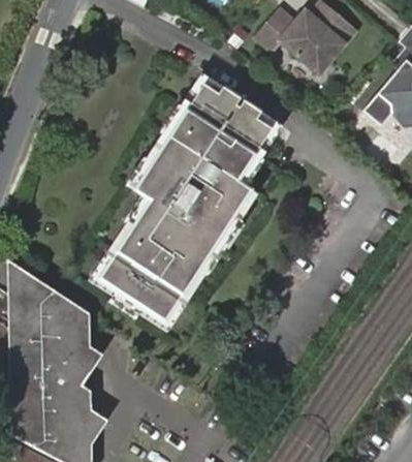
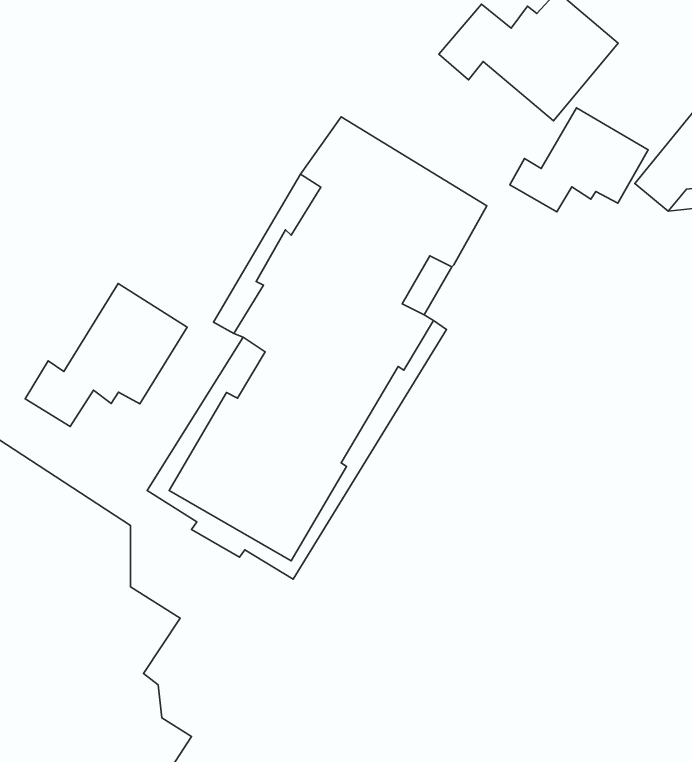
building: none -> [510,108,648,212]
building: none -> [25,284,187,427]

